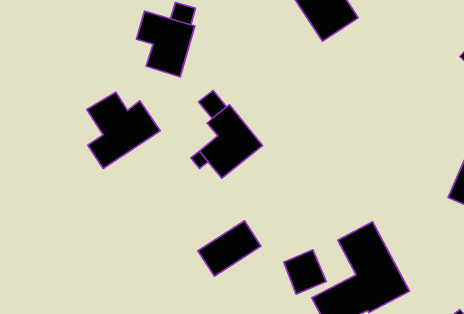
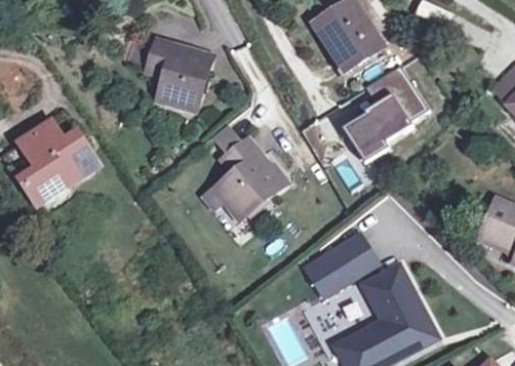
building: none -> [349,64,427,158]
building: [87,92,160,168] -> [18,123,96,204]
building: [198,221,261,276] -> [306,236,372,294]

